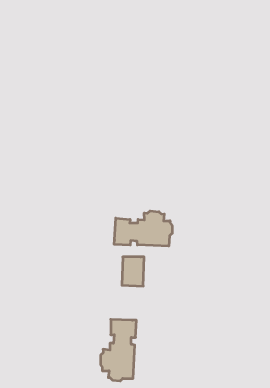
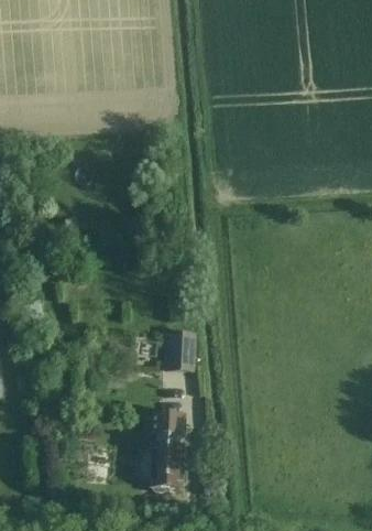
building: [114,211,172,246] -> none

